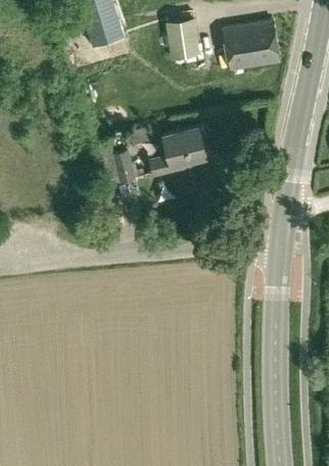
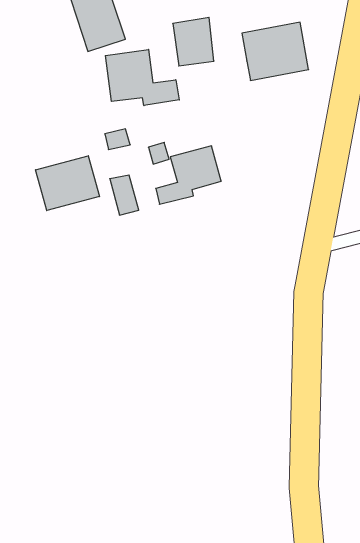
building: none -> [105,49,179,106]
building: none -> [36,156,99,211]

